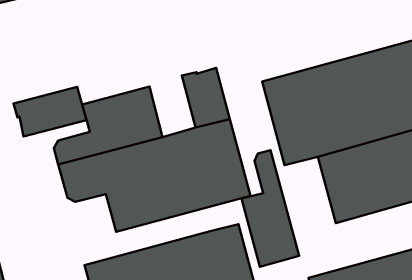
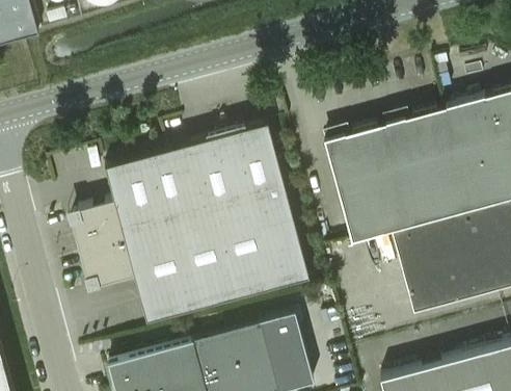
building: none -> [187,133,243,208]
building: [13,87,86,137] -> none
building: [242,150,299,267] -> none

